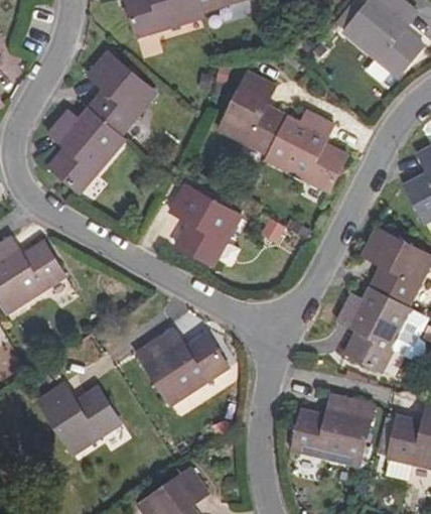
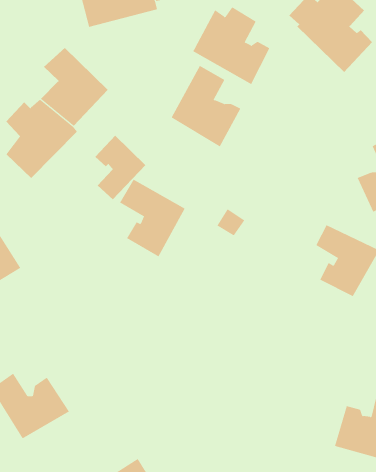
building: [268,112,347,191] -> [192,7,270,85]
building: none -> [94,135,146,200]
building: [337,289,413,372] -> none
building: [135,329,226,402] -> none
building: [288,397,374,468] -> none

